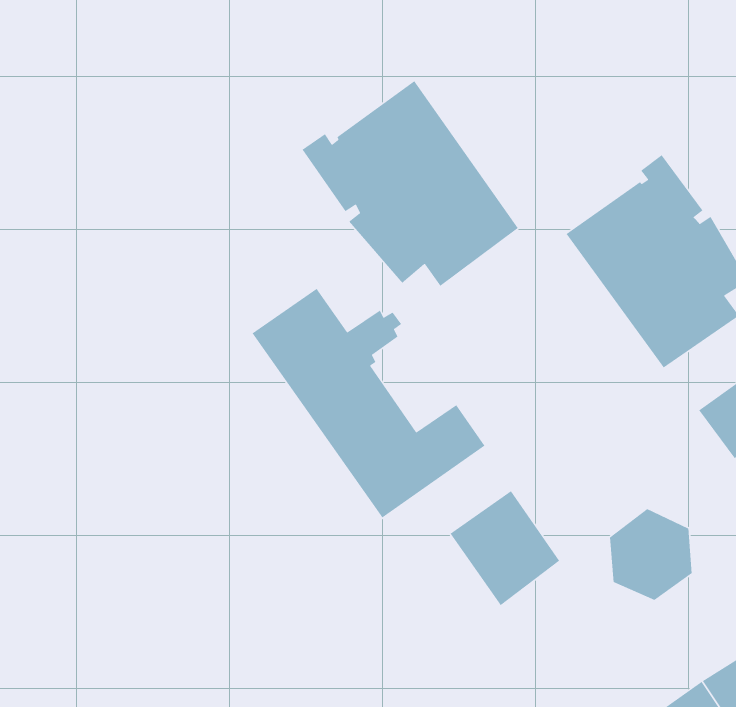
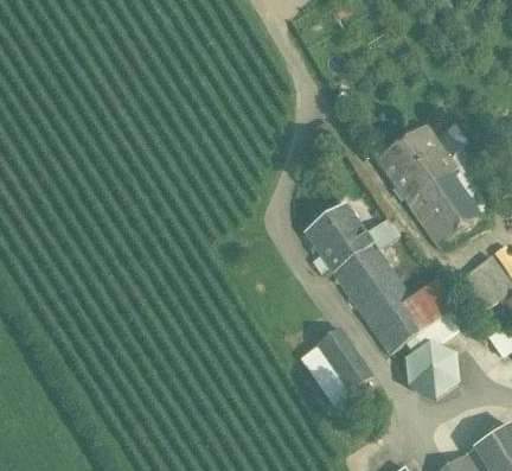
building: [302,80,519,287] -> none
building: [251,288,485,519] -> [303,203,456,354]

